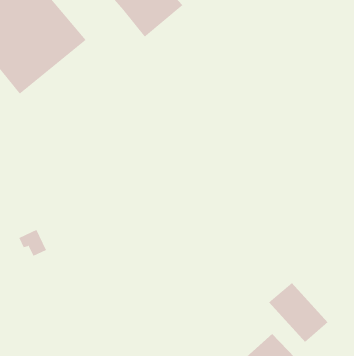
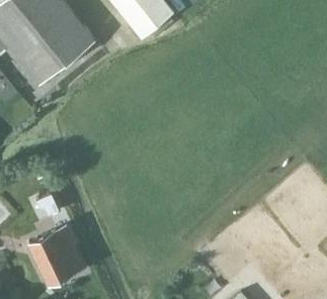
building: none -> [28,224,78,286]
building: [268,282,329,343] -> none

